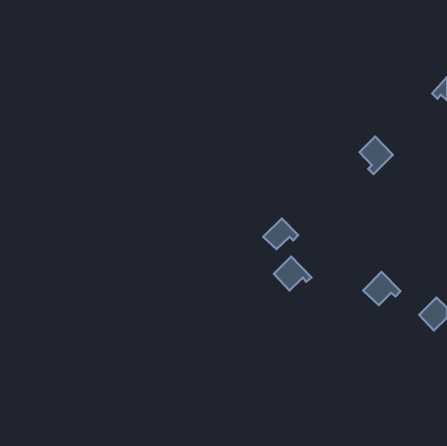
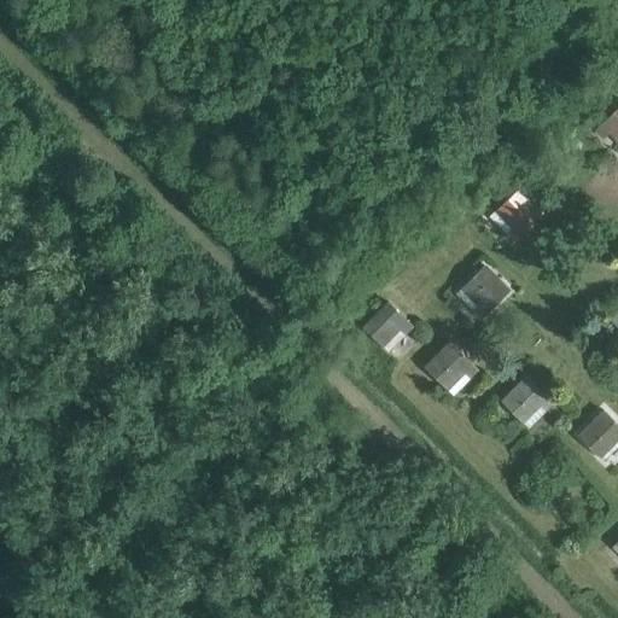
building: none -> [461,267,508,320]
building: [274,256,311,290] -> [425,343,477,390]

